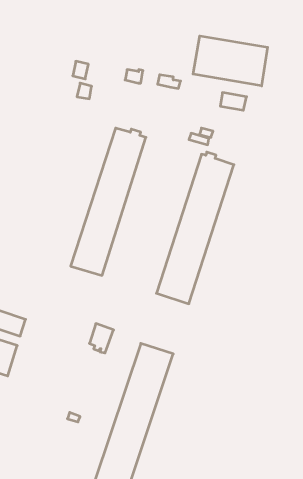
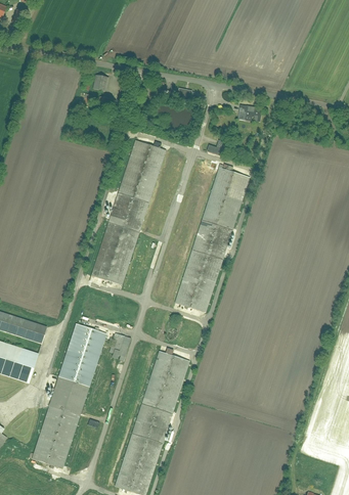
building: [193,36,268,86] -> none
building: none -> [31,324,105,467]

